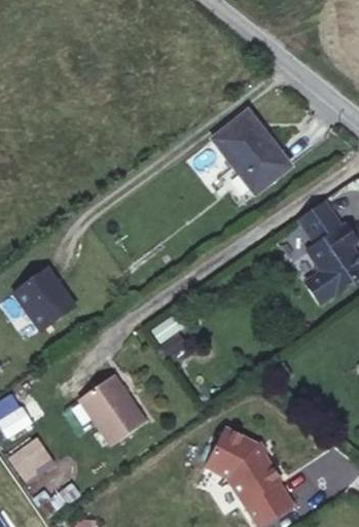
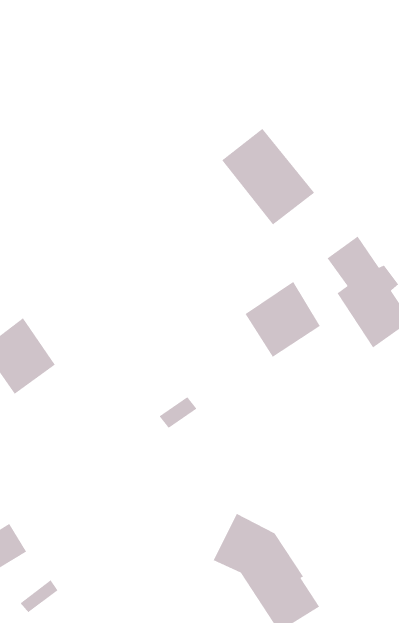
building: none -> [245,281,321,358]
building: [77,374,144,445] -> none

